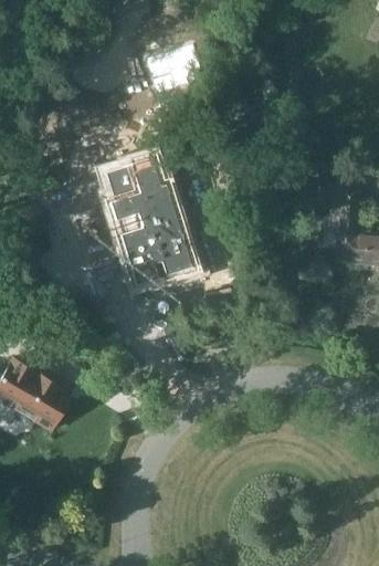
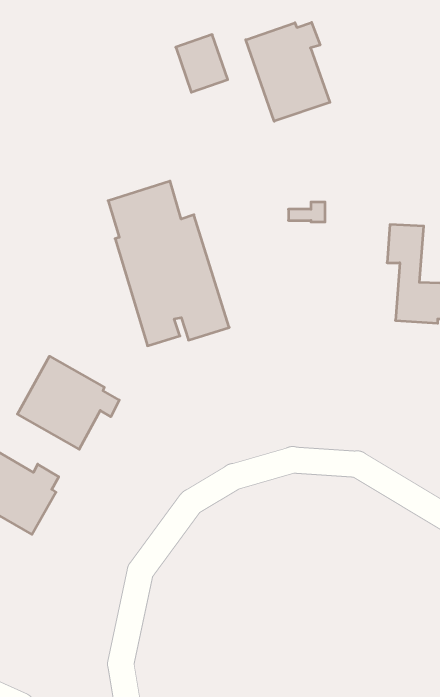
building: none -> [246,22,330,121]
building: none -> [17,356,119,449]

